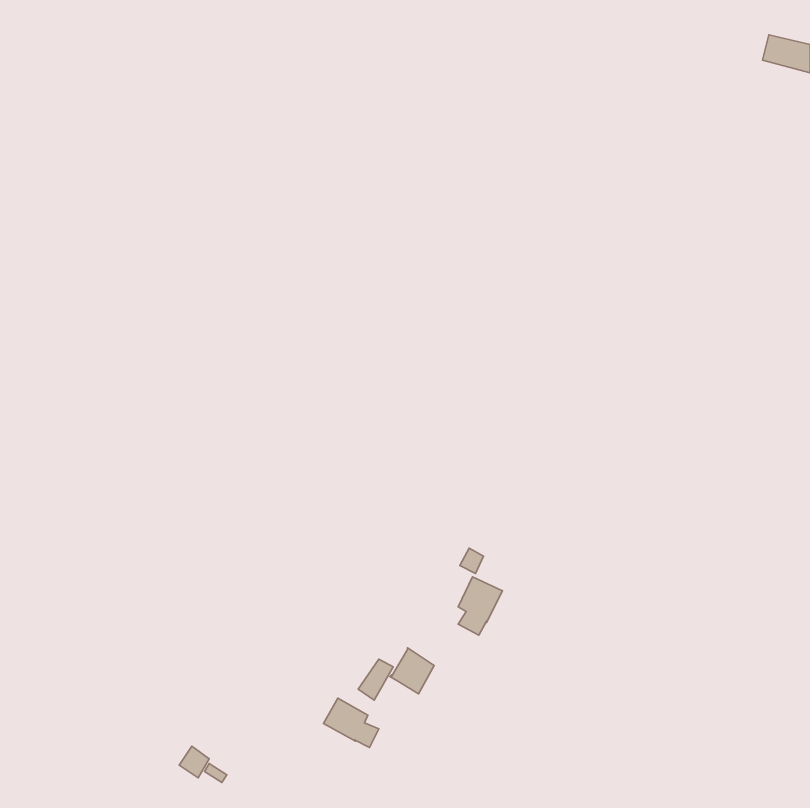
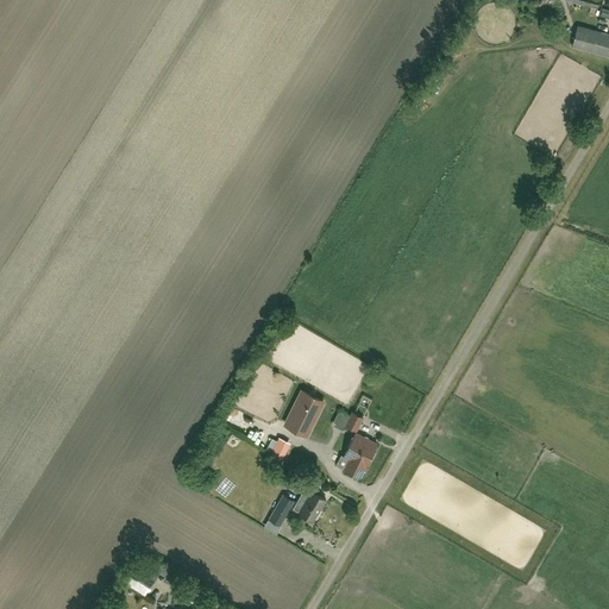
building: none -> [285,391,324,435]
building: [323,698,379,747] -> none

